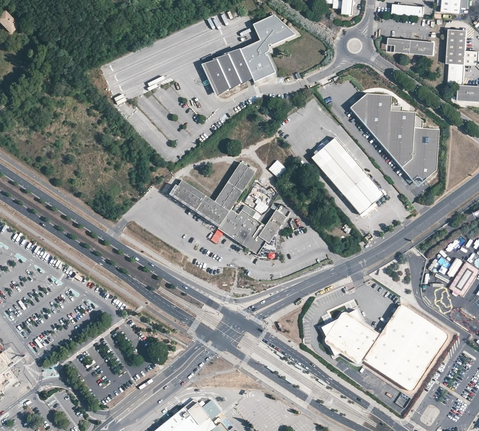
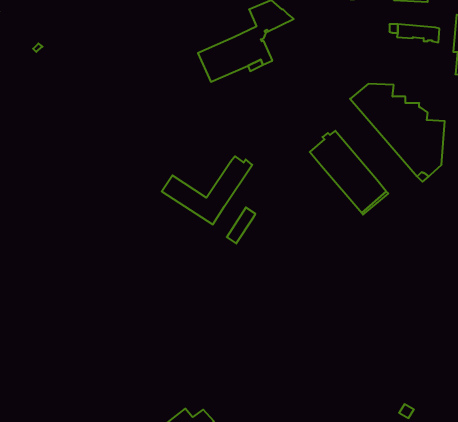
building: [241,204,289,253] -> none
building: [217,205,250,237] -> none
building: [320,305,445,391] -> none

